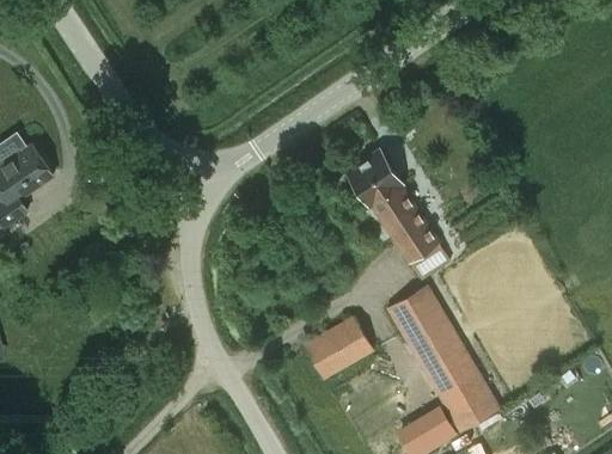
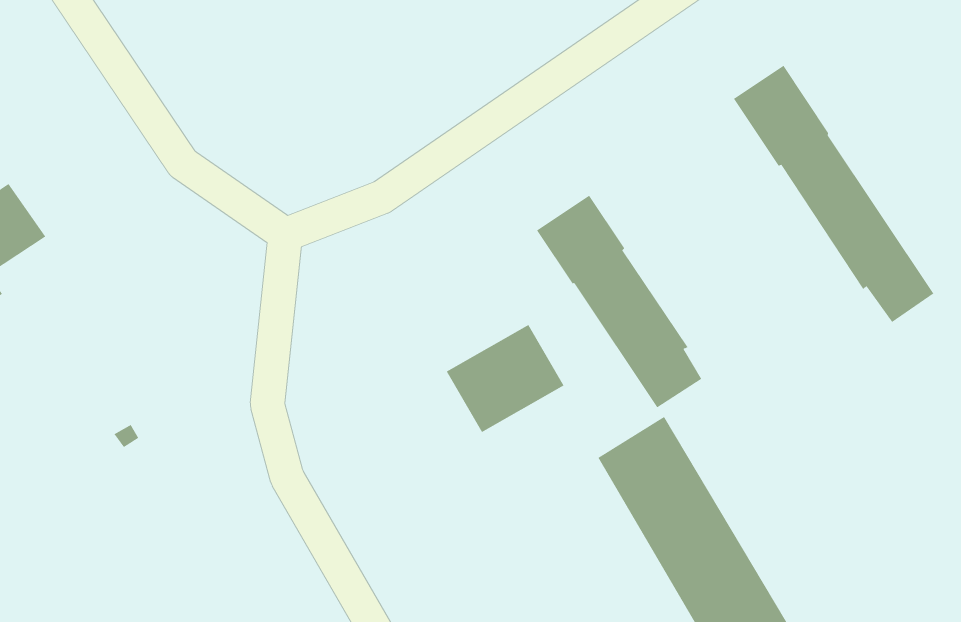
building: none -> [733,65,934,323]
building: [302,315,374,381] -> [446,324,565,433]

